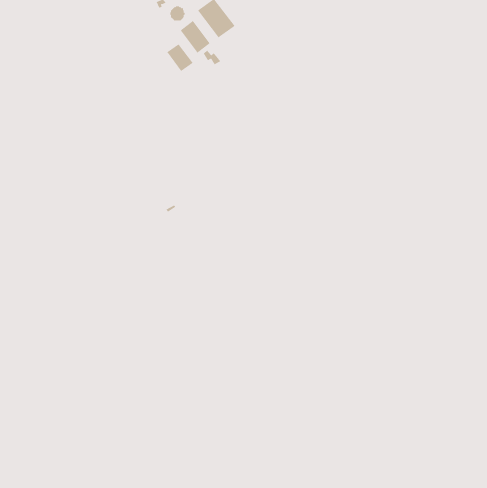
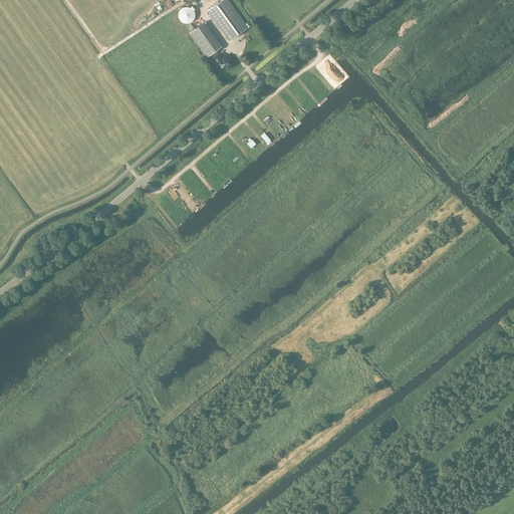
building: [166,43,193,72] -> none

